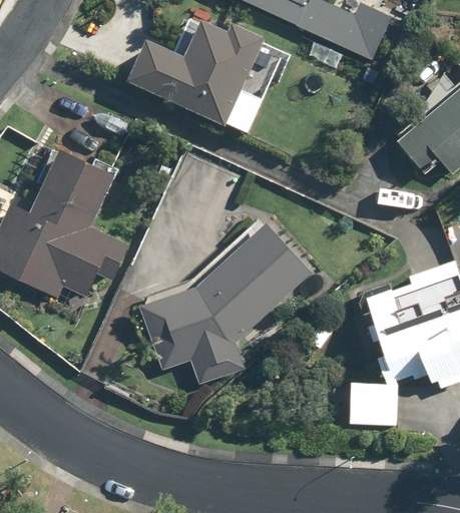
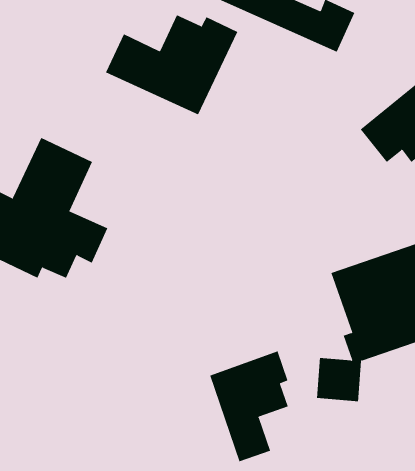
building: [139,222,314,385] -> none
building: none -> [210,351,288,462]

